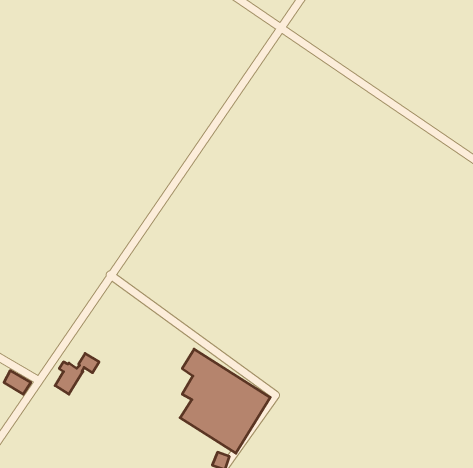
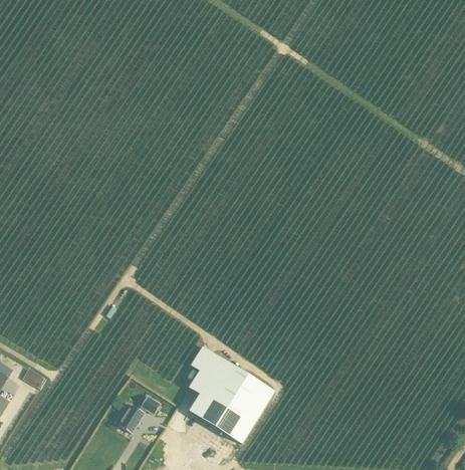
building: [55,353,99,394] -> [119,395,160,433]

